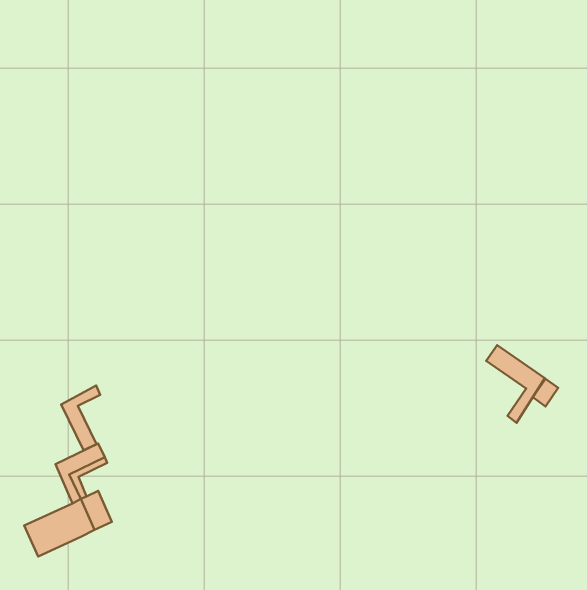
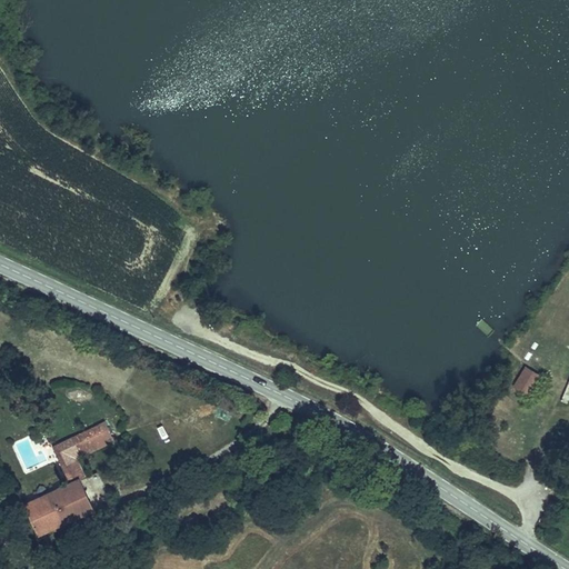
building: [486,345,545,423] -> none
building: [61,385,100,450] -> none

